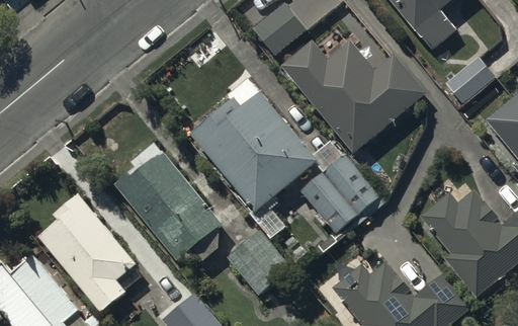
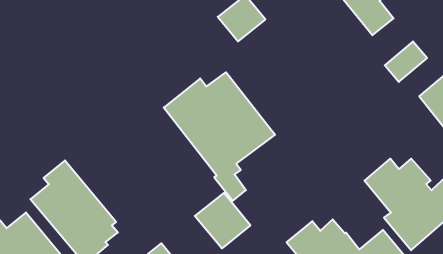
building: [280,39,425,153] -> none
building: [114,143,221,259] -> none
building: [304,143,384,237] -> none

